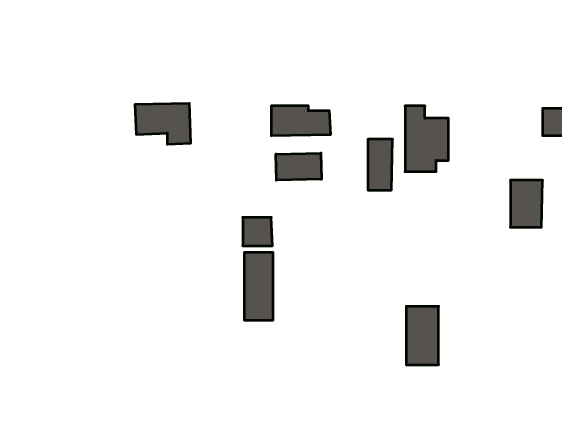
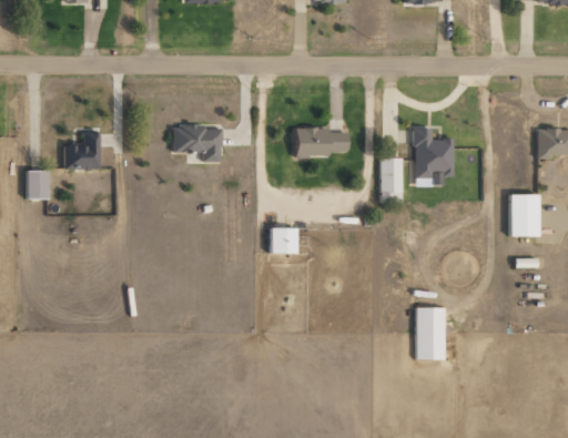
building: none -> [64,131,101,169]
building: [276,153,321,180] -> none
building: [245,252,273,320] -> none

